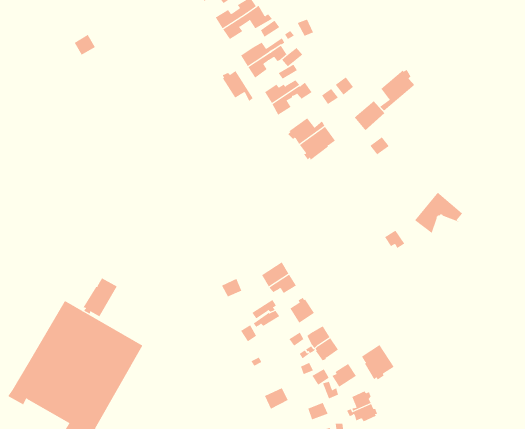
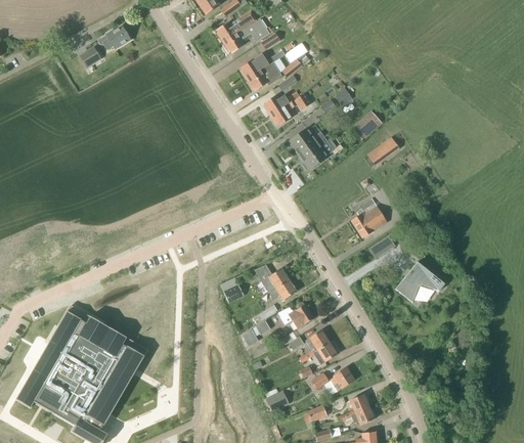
building: none -> [96,27,129,49]
building: [379,69,415,111] -> none
building: [222,70,254,102] -> none
building: [414,192,465,234] -> [394,261,443,302]
building: none -> [350,205,386,237]
building: [83,278,117,317] -> none
building: [361,344,394,381] -> none

